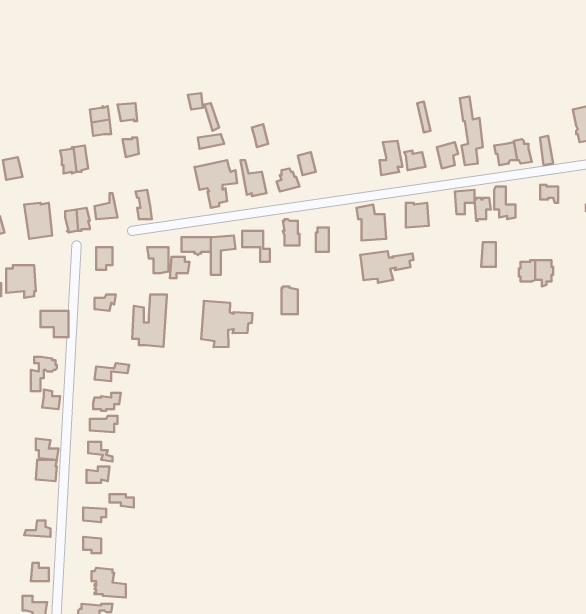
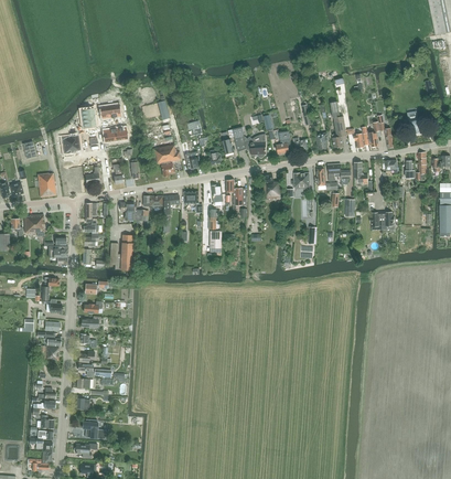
building: none -> [232,127,265,158]
building: [360,251,413,283] -> none
building: [201,301,252,347] -> none

